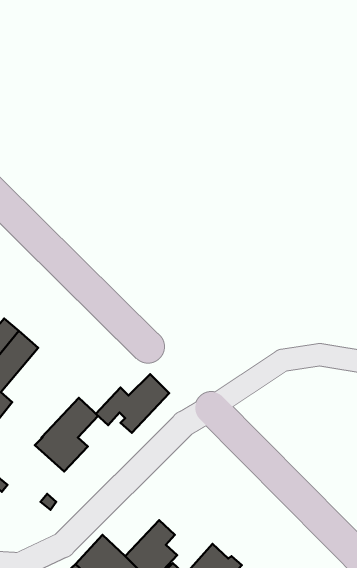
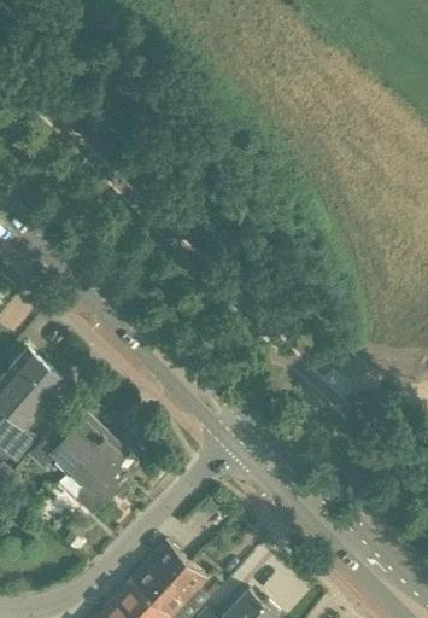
building: [96,374,169,433] -> [28,414,106,477]
building: none -> [131,542,192,604]

